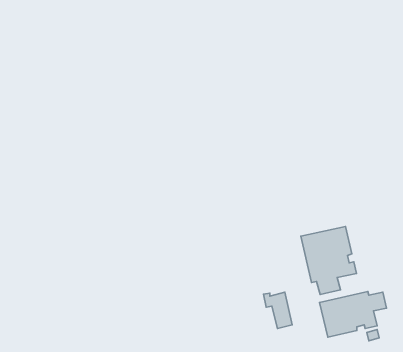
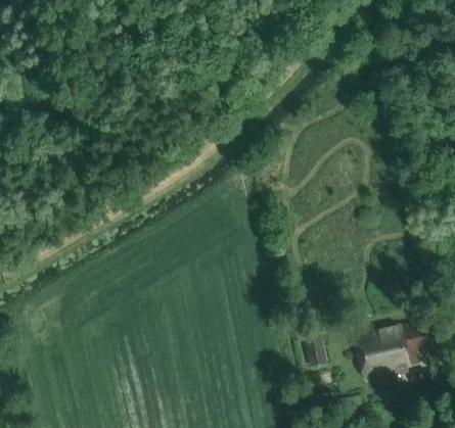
building: [301,226,357,294] -> none

